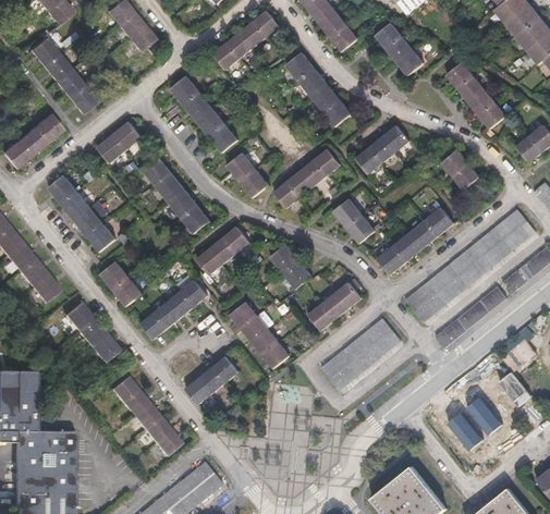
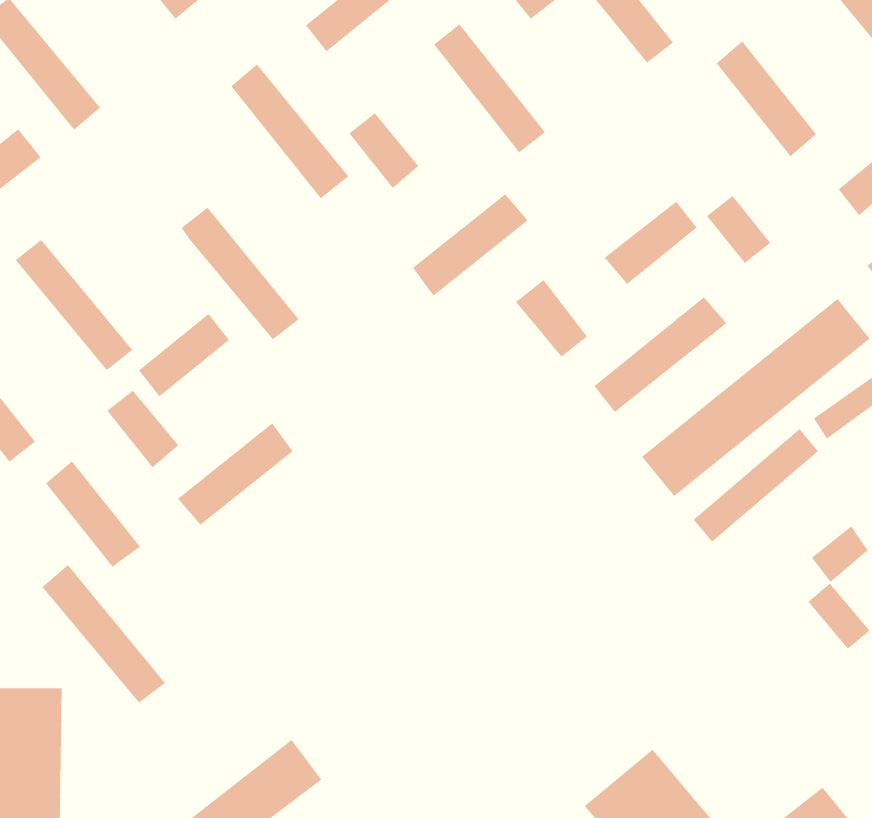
building: [96,121,140,162] -> none
building: [355,125,408,173] -> [604,201,698,285]
building: [227,154,267,197] -> [348,112,419,189]
building: [196,227,248,274] -> [138,313,230,397]
building: [270,244,311,289] -> none
building: [308,282,360,330] -> none
building: [230,302,289,368] -> none
building: [319,318,400,390] -> none
building: [185,356,237,404] -> none
building: [110,376,181,455] -> [42,564,166,704]
building: [467,396,502,435] -> none
building: [448,411,482,448] -> none

